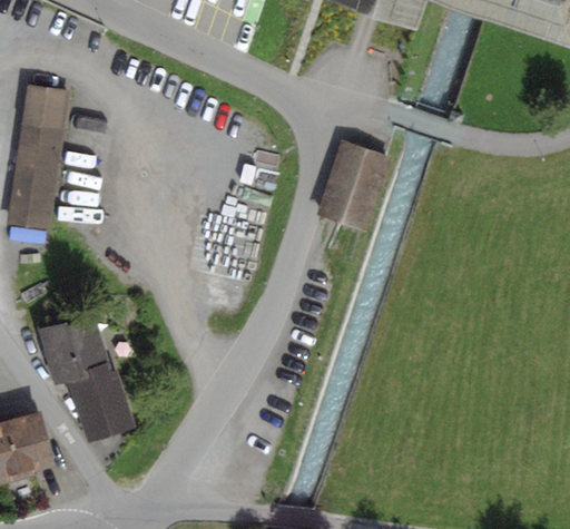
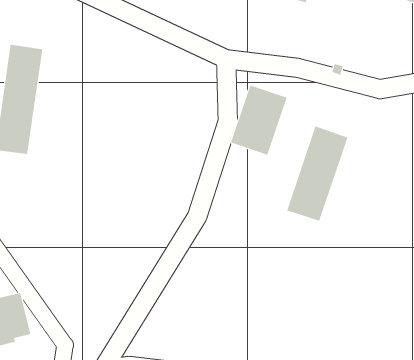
building: none -> [286,125,348,222]
building: [39,313,132,438] -> none

